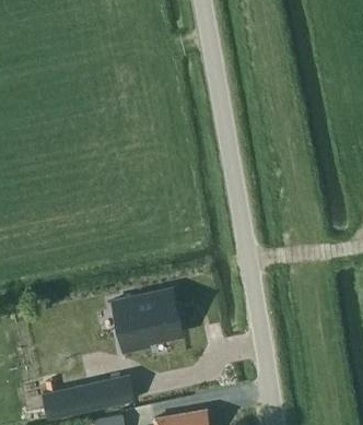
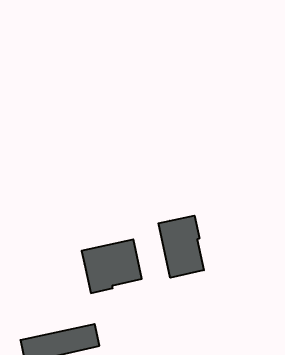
building: none -> [158,216,204,278]

